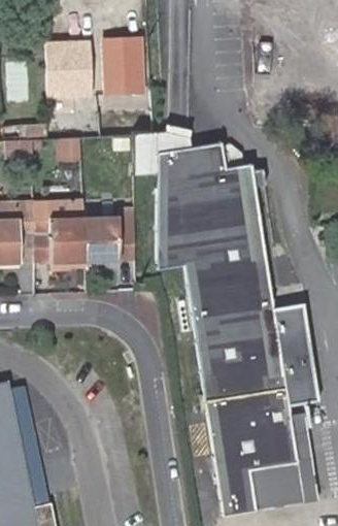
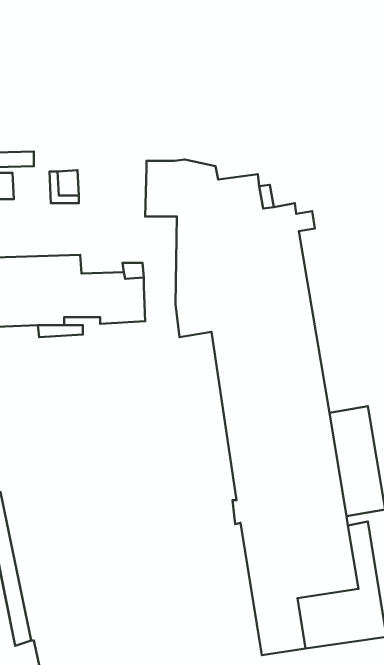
building: [106,36,143,92] -> none
building: [47,41,91,107] -> none

